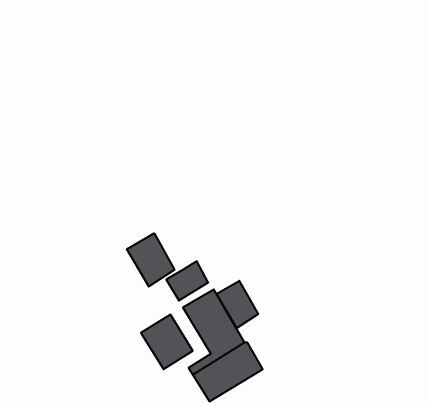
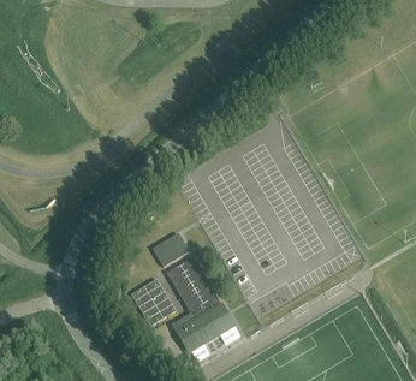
building: [127,233,175,287] -> none
building: [216,281,258,328] -> none

